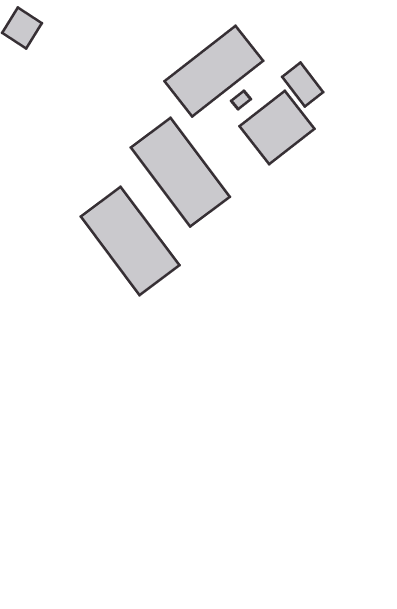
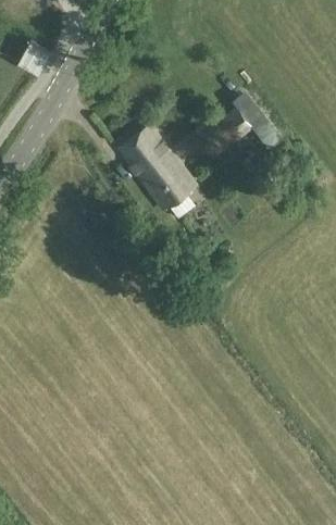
building: [165,26,263,116] -> none
building: [81,187,179,295] -> none

